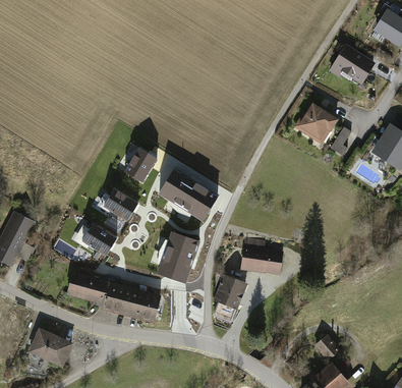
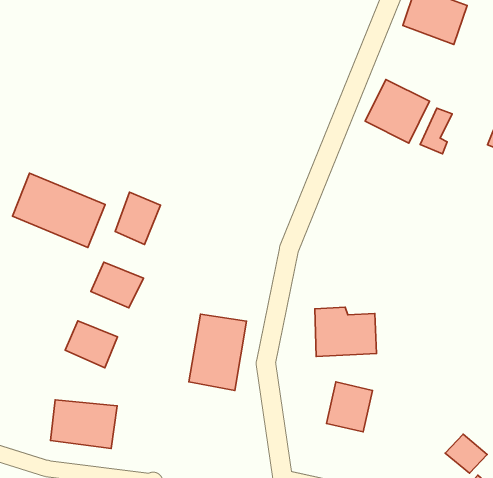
building: [159,169,219,222] -> [12,173,105,247]
building: [213,276,245,311] -> [327,382,373,432]
building: [102,282,159,324] -> none

